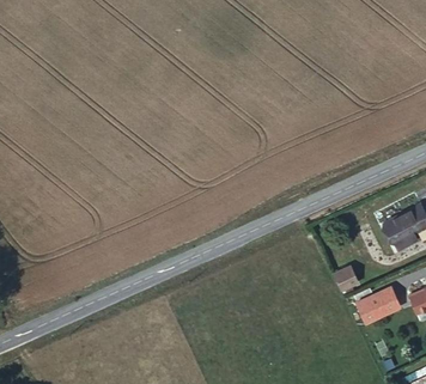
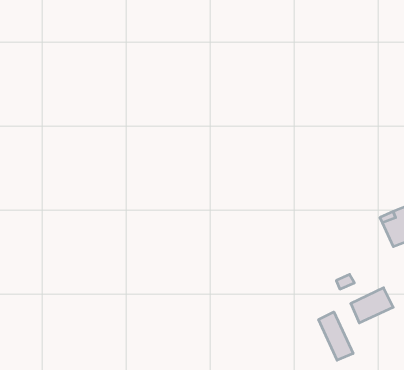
building: none -> [319,312,353,360]

